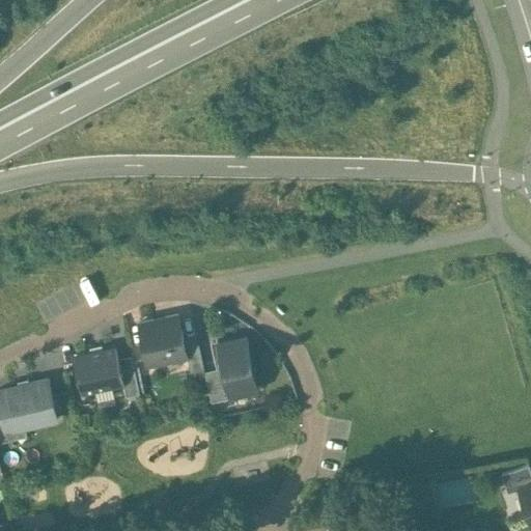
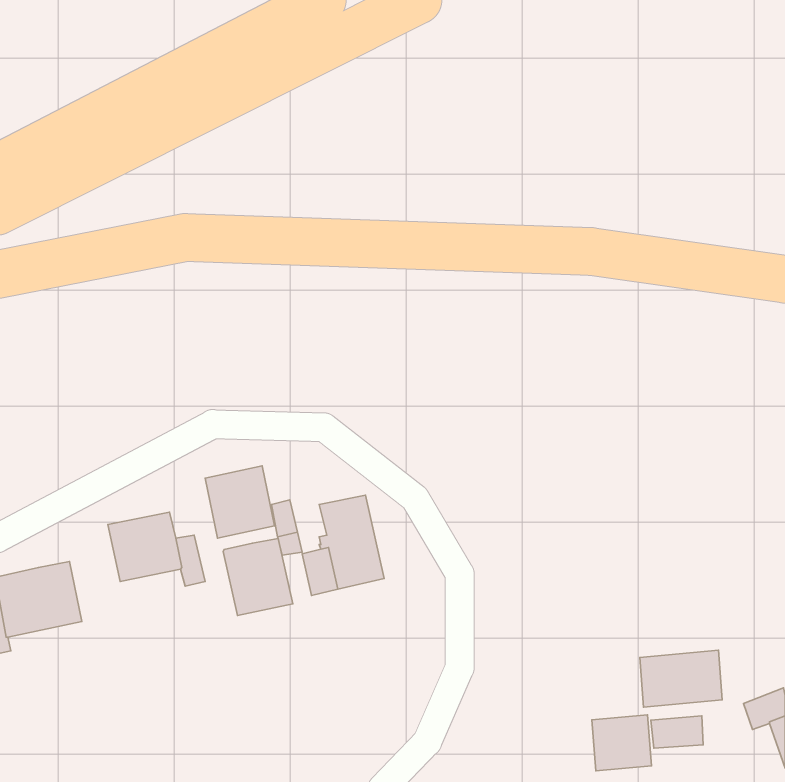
building: none -> [223,538,293,615]
building: none -> [640,650,722,707]
building: none -> [592,715,652,771]

